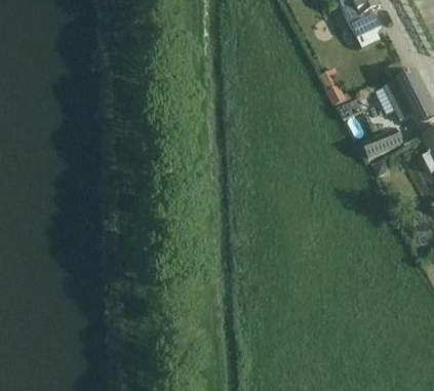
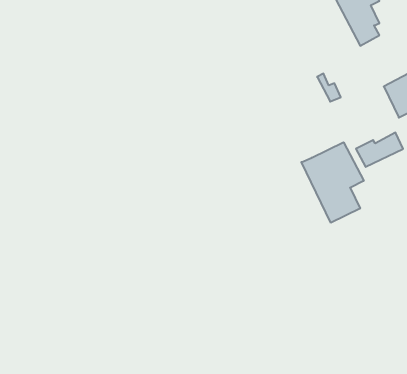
building: none -> [301,142,364,223]

